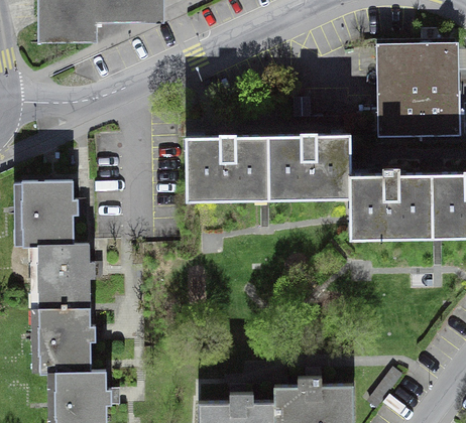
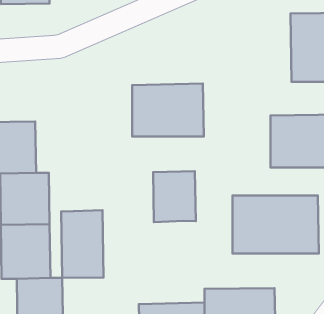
building: [275,138,356,201] -> none
building: none -> [153,171,196,222]
building: none -> [232,195,319,253]
building: none -> [61,210,104,278]

